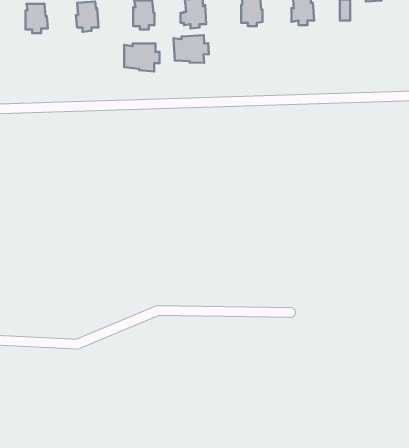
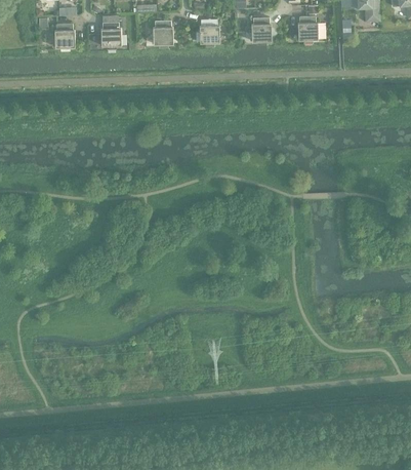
building: [174,35,209,63] -> none
building: [124,43,160,72] -> none

